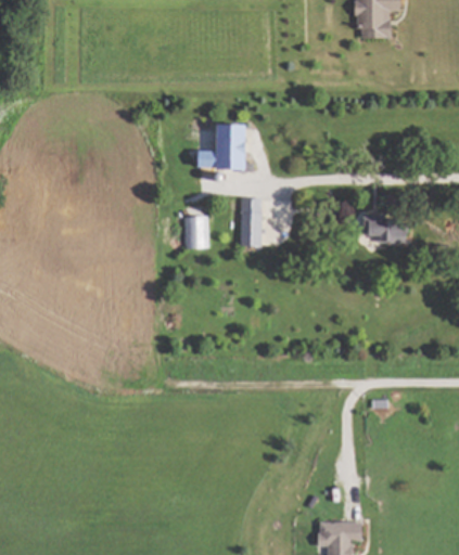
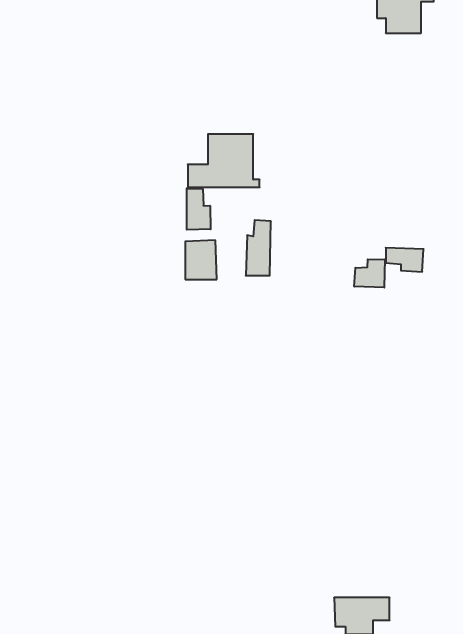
building: none -> [187,188,211,230]
building: none -> [354,259,385,288]

